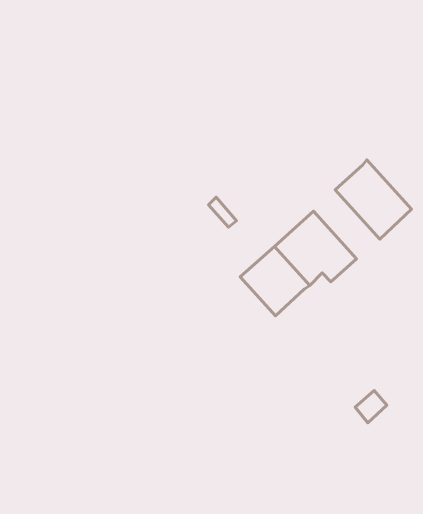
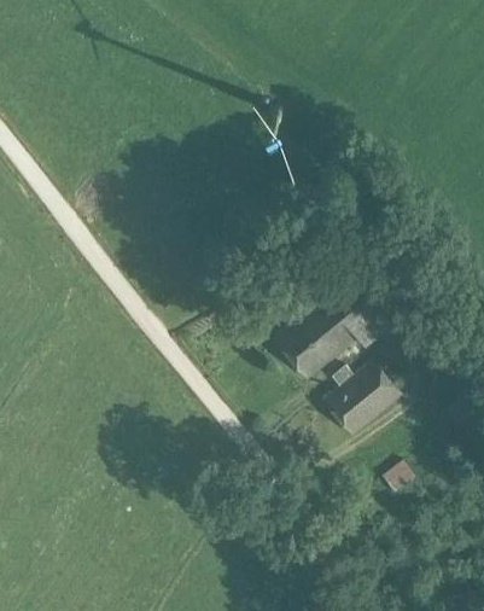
building: [335,160,412,239] -> none
building: none -> [325,360,406,438]

